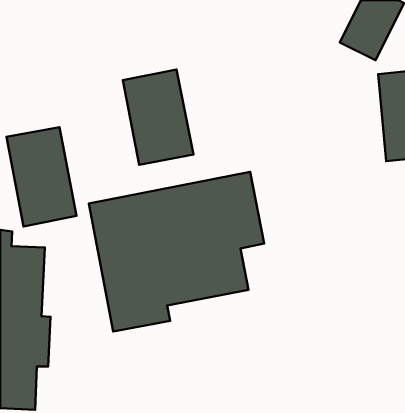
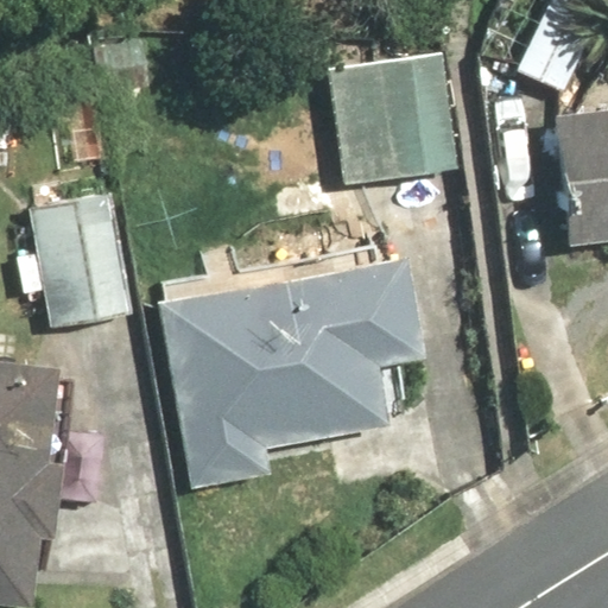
building: none -> [327,52,460,189]
building: [123,69,193,165] -> none

